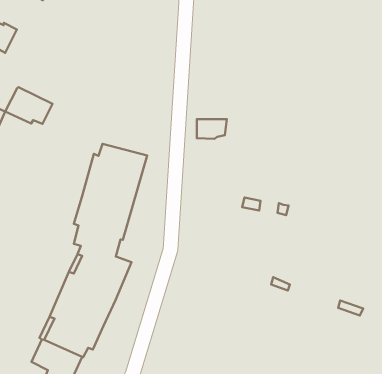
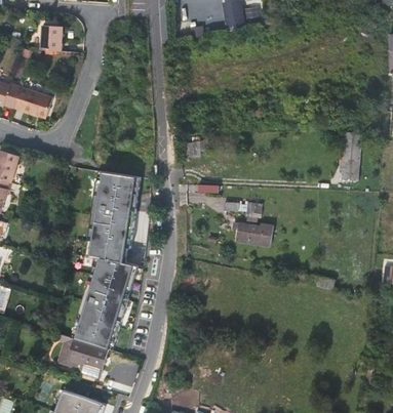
building: [5,87,53,124] -> [13,86,51,115]
building: none -> [233,222,273,246]

